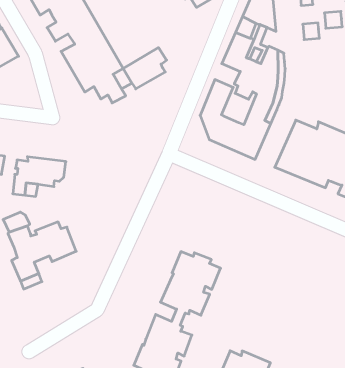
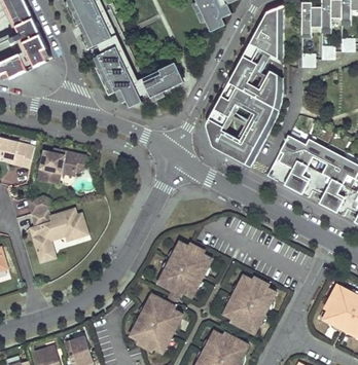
building: none -> [220,81,255,136]
building: none -> [222,275,275,333]

